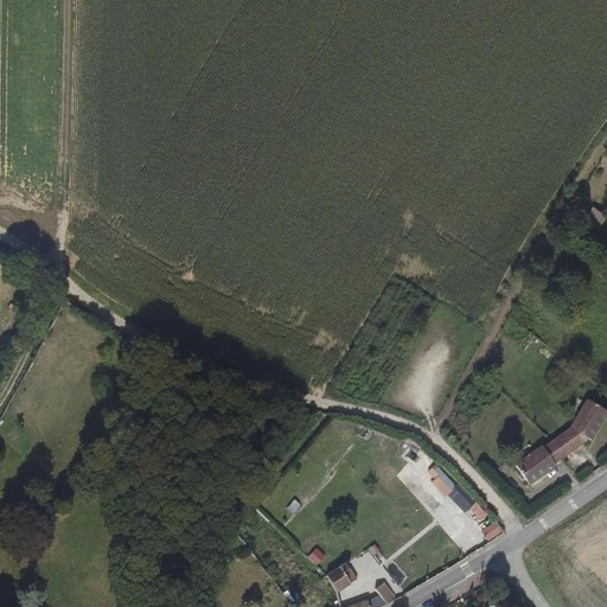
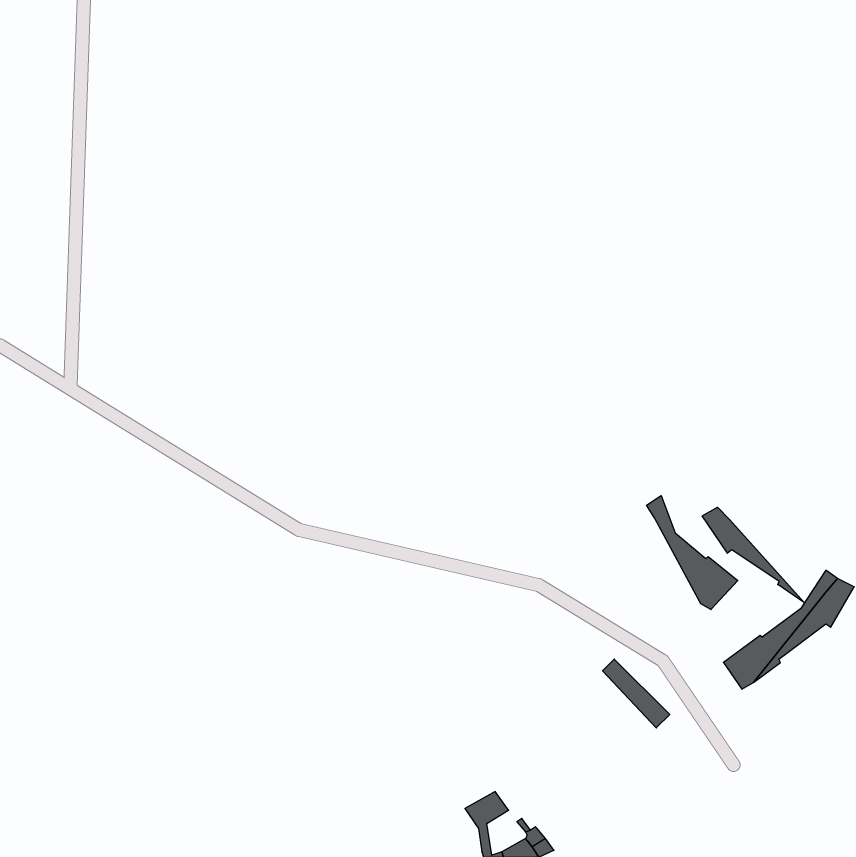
building: none -> [647,496,738,610]
building: none -> [702,507,805,603]

